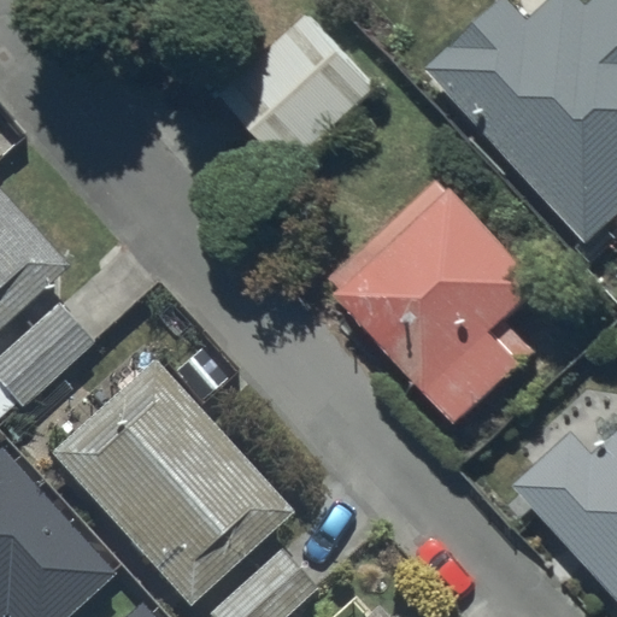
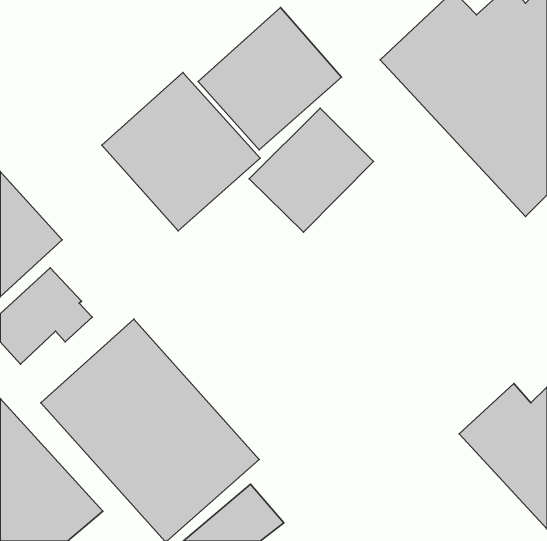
building: none -> [102,72,260,231]
building: none -> [249,108,374,232]
building: [328,176,551,428] -> none

